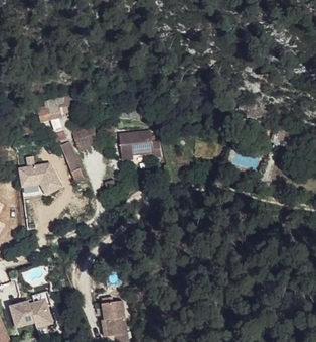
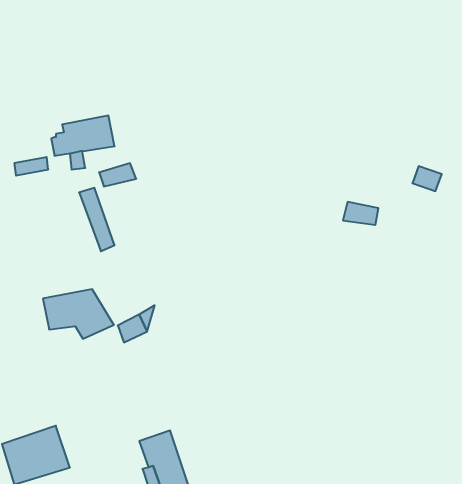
building: [120,129,160,156] -> none
building: [16,161,62,194] -> [43,289,114,339]

